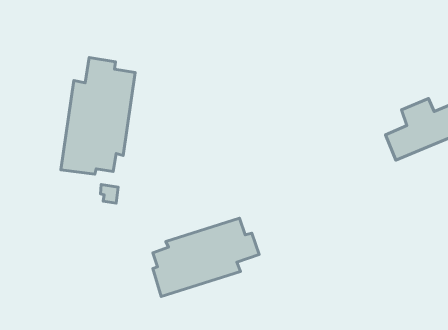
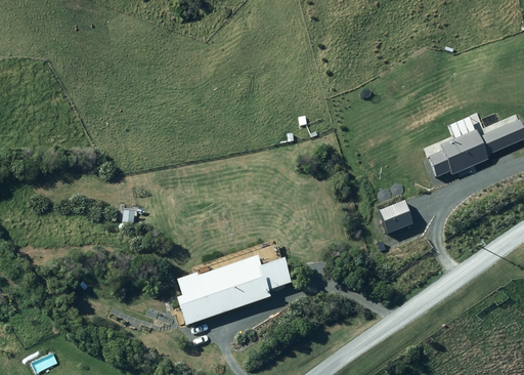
building: [61,57,135,174] -> none
building: none -> [378,201,414,234]

